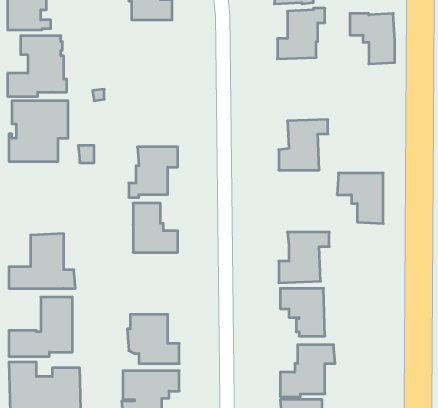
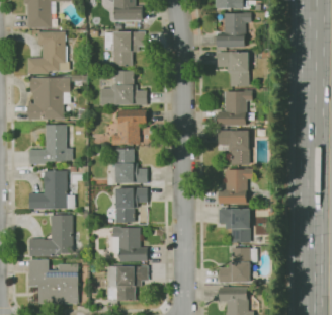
building: [350,13,395,64] -> [217,52,248,87]
building: none -> [104,31,145,66]
building: none -> [100,70,147,105]
building: none -> [29,125,72,164]
building: [337,173,383,224] -> [217,130,249,165]
building: none -> [115,187,147,222]

